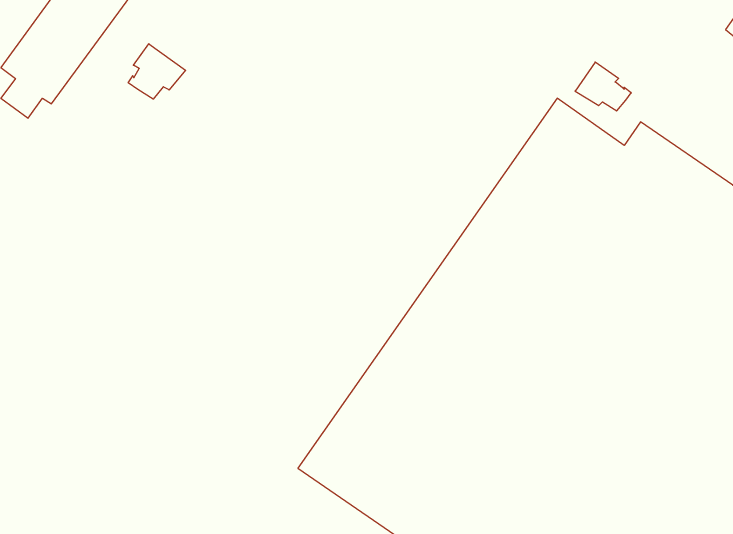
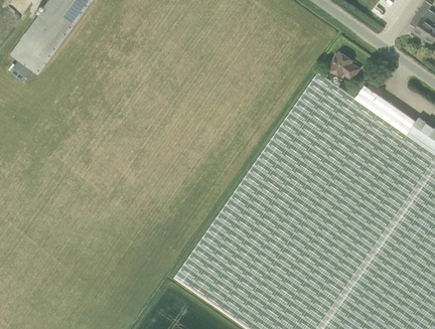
building: [128,44,186,99] -> none

